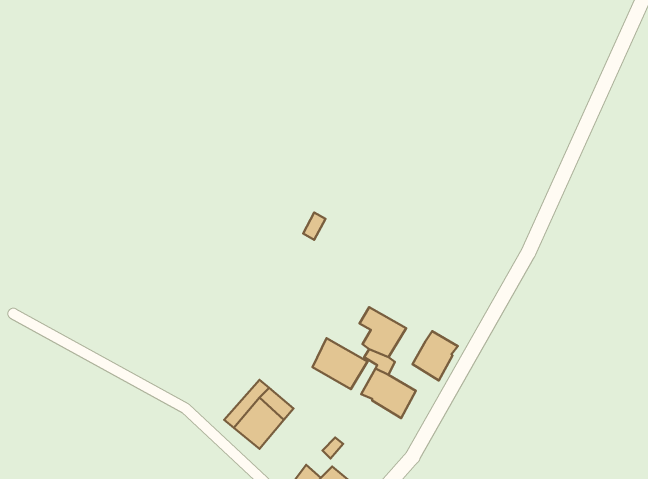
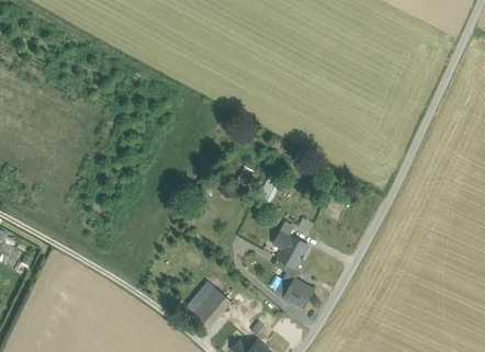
building: [412,331,458,381] -> none
building: [313,338,367,389] -> none

